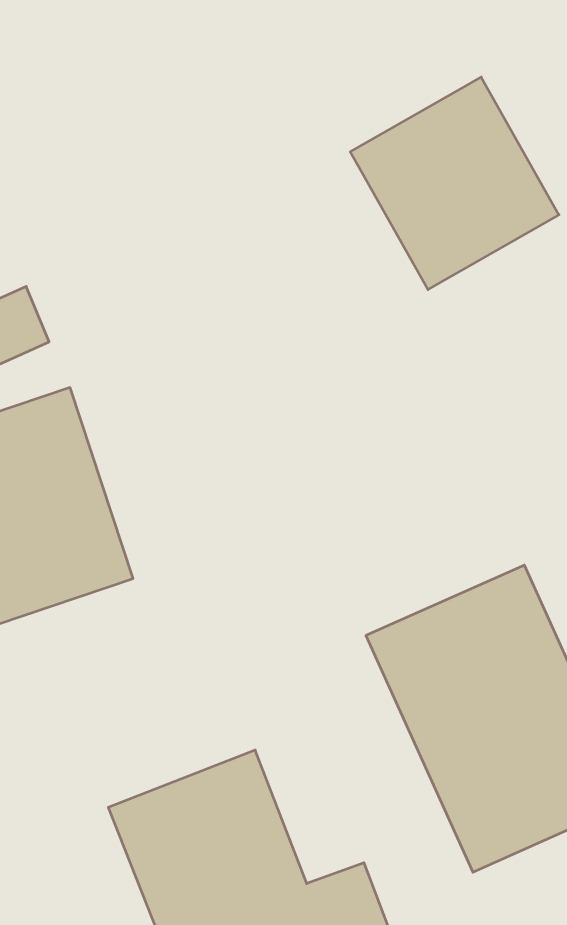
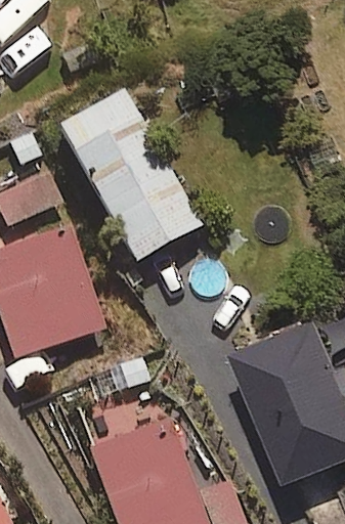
building: [350,77,559,290] -> none
building: none -> [61,93,202,264]

